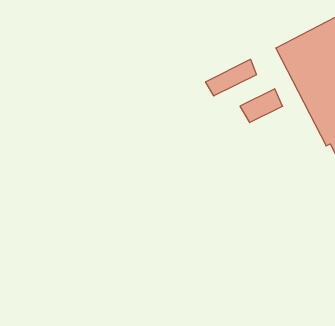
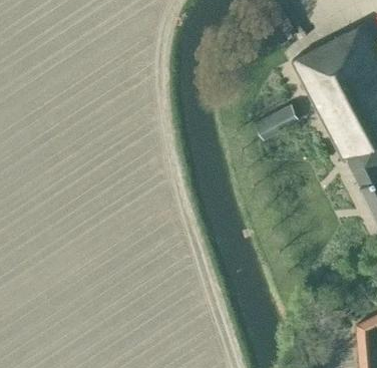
building: [206,59,256,96] -> none

